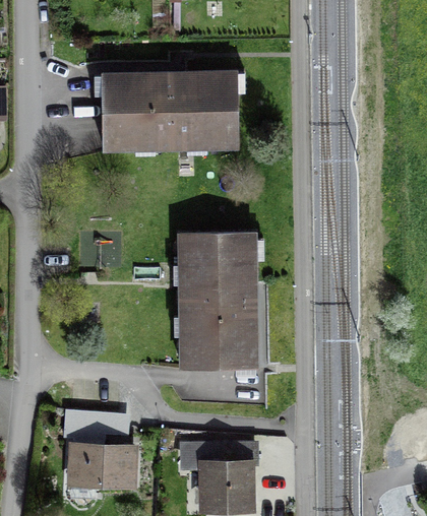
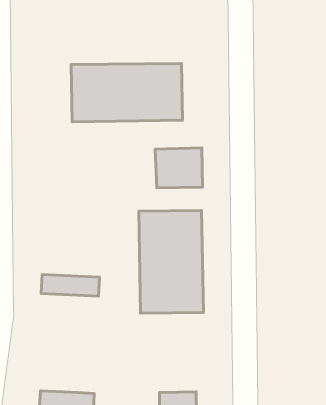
building: none -> [155,148,202,188]
building: [62,409,127,434] -> [41,274,99,296]

